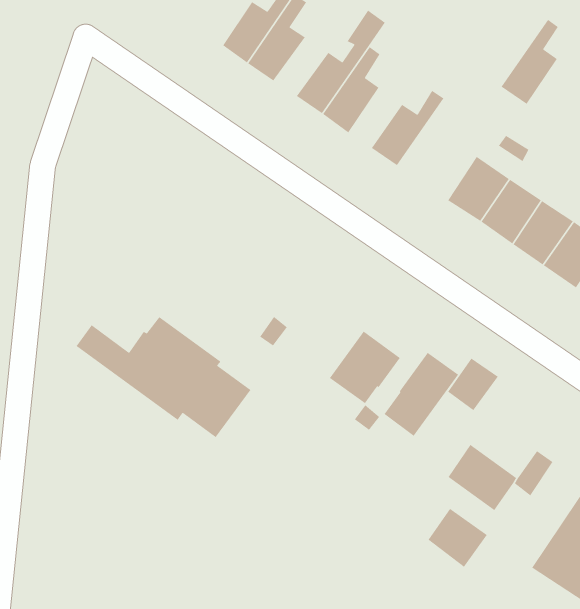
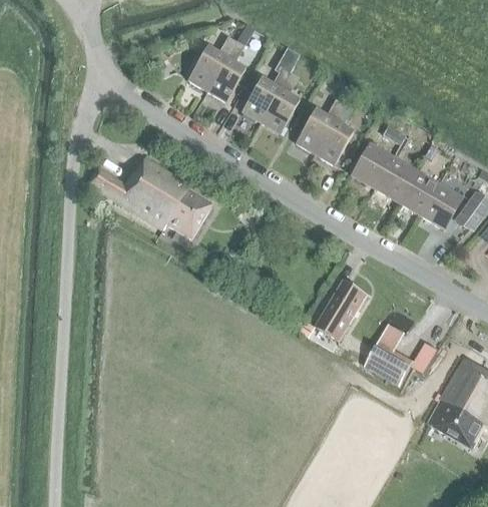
building: [500,19,559,105] -> [315,104,353,164]
building: [75,316,252,438] -> [88,157,211,238]
building: [329,331,401,404] -> none
building: [447,358,499,411] -> none
building: [427,508,488,568] -> none

